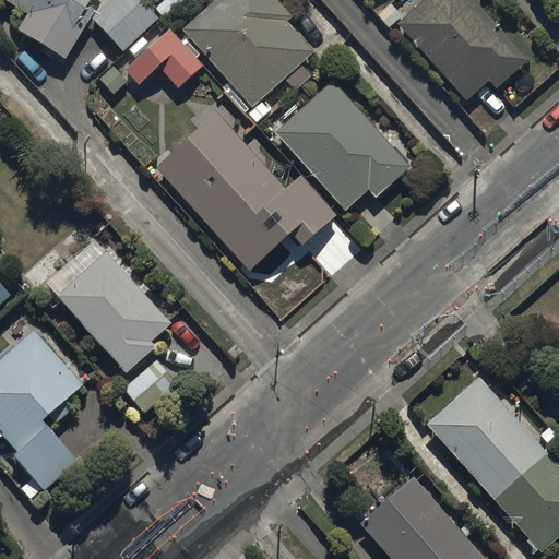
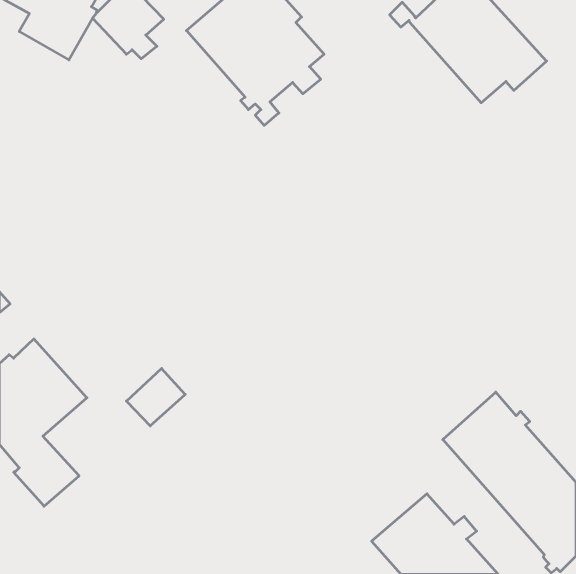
building: [98,28,203,94] -> none
building: [275,81,411,209] -> none
building: [155,111,335,271] -> none
building: [57,251,170,372] -> none

